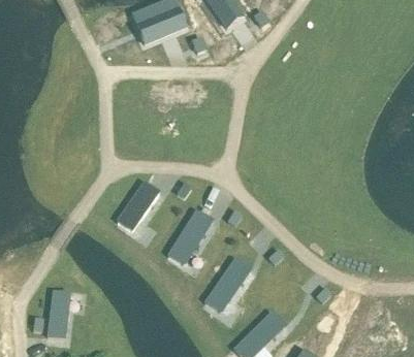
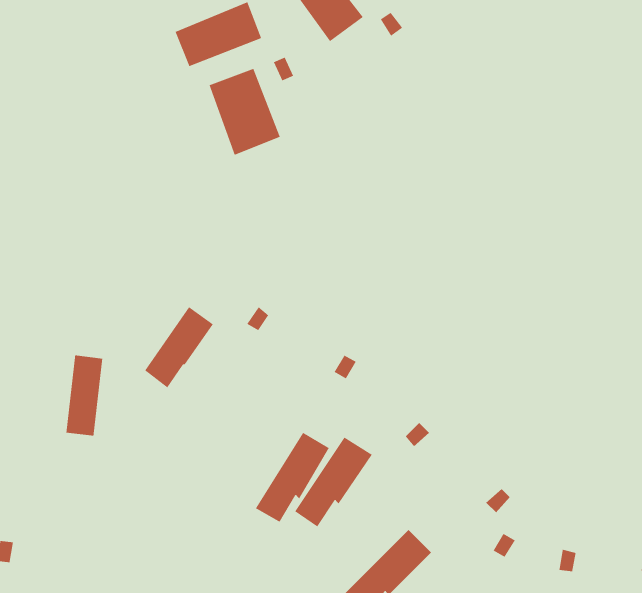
building: none -> [209,68,281,156]
building: [168,209,212,262] -> [255,432,330,523]
building: [47,290,69,337] -> [66,355,103,437]

